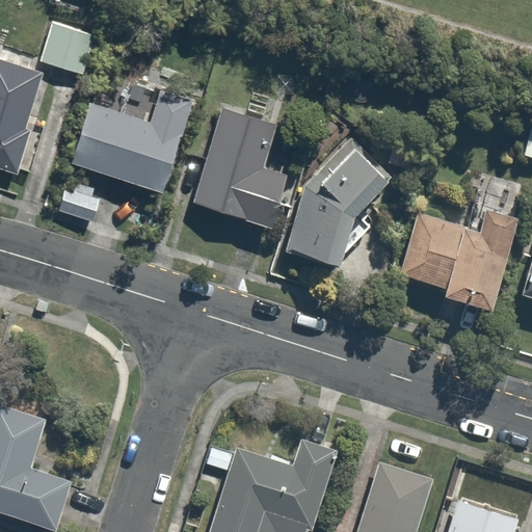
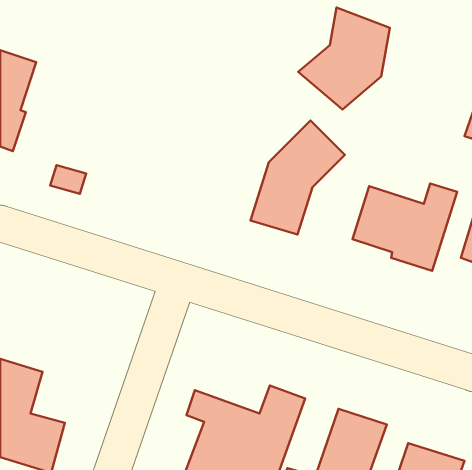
building: none -> [298,8,390,109]
building: [42,25,94,74] -> none
building: [71,88,190,190] -> none
building: [191,108,284,227] -> none

